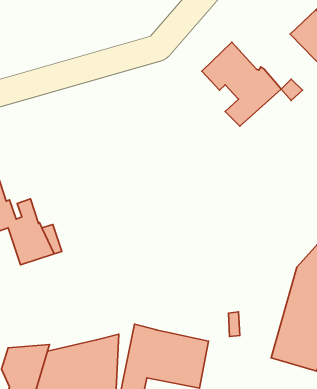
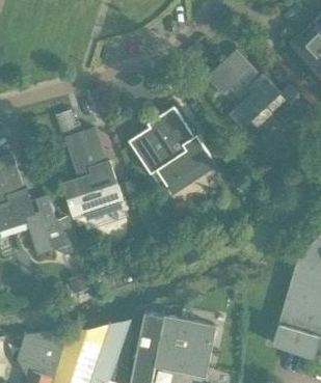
building: none -> [130,107,214,195]
building: none -> [62,128,124,219]

